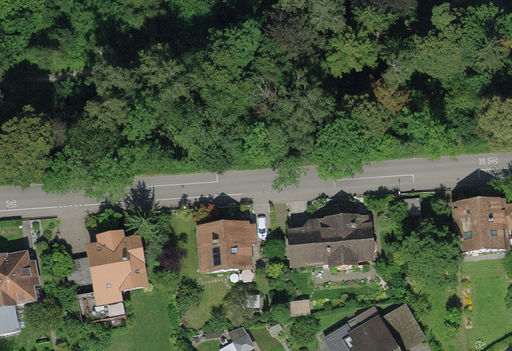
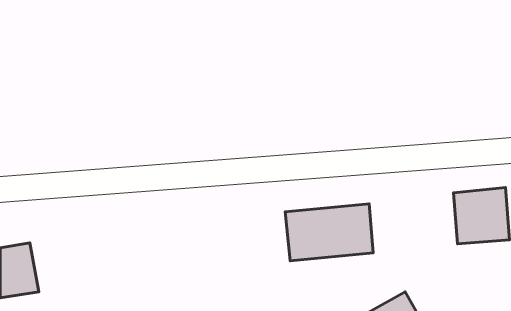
building: [197,221,255,274] -> none
building: [84,233,147,295] -> none

